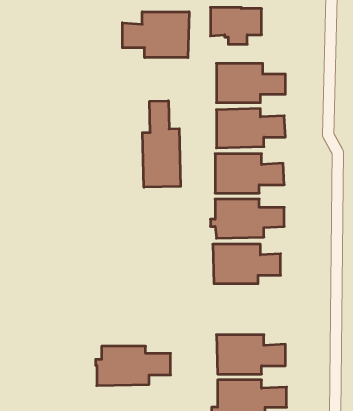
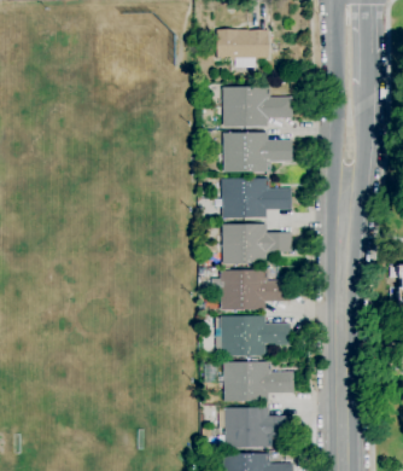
building: [122,12,189,58] -> none
building: [142,101,181,187] -> none
building: [96,346,171,386] -> [215,315,291,355]

